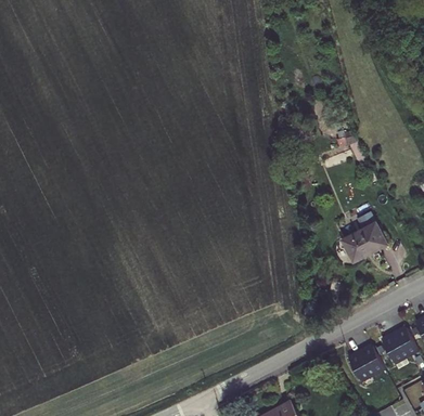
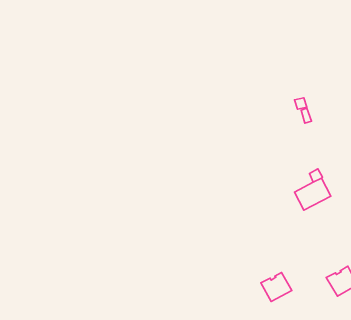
building: [347,346,383,379] -> [261,273,292,302]

